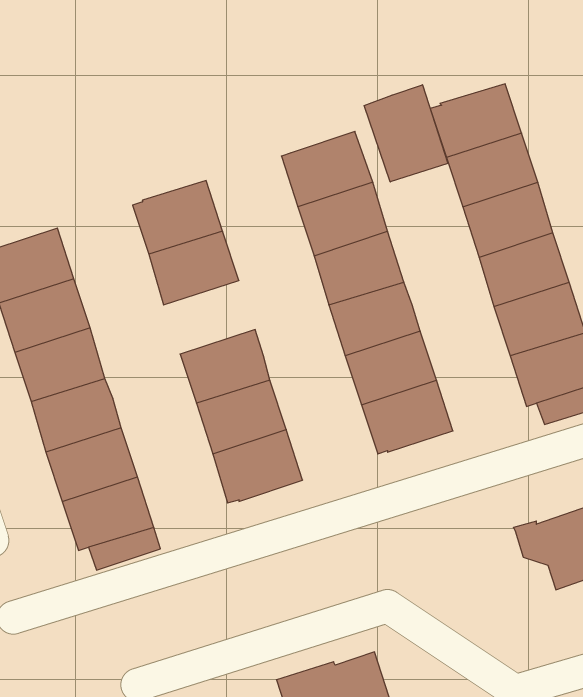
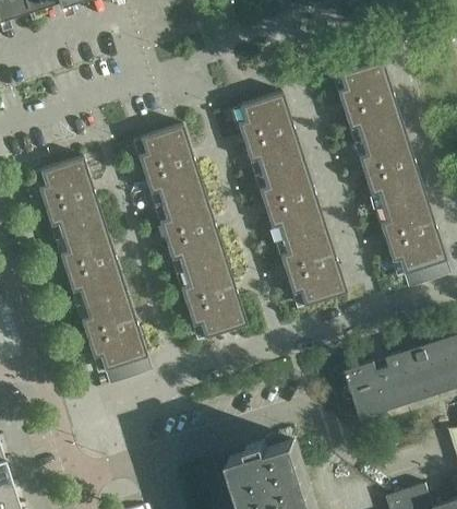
building: [364,85,448,182] -> none
building: none -> [154,192,215,241]
building: none -> [346,359,416,416]

